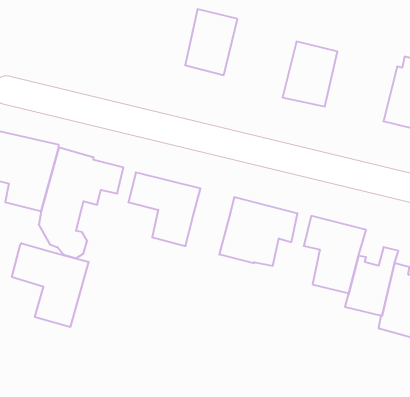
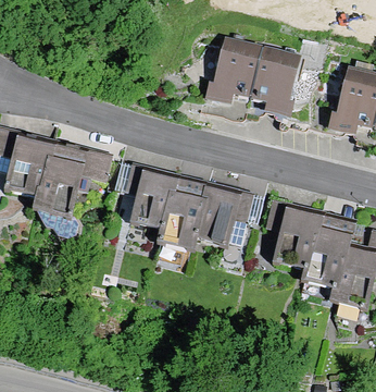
building: [185,9,237,75] -> [215,39,261,97]
building: none -> [160,194,203,247]
building: [12,243,89,327] -> none

